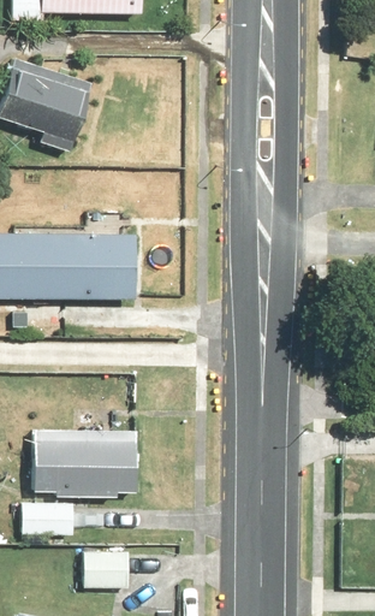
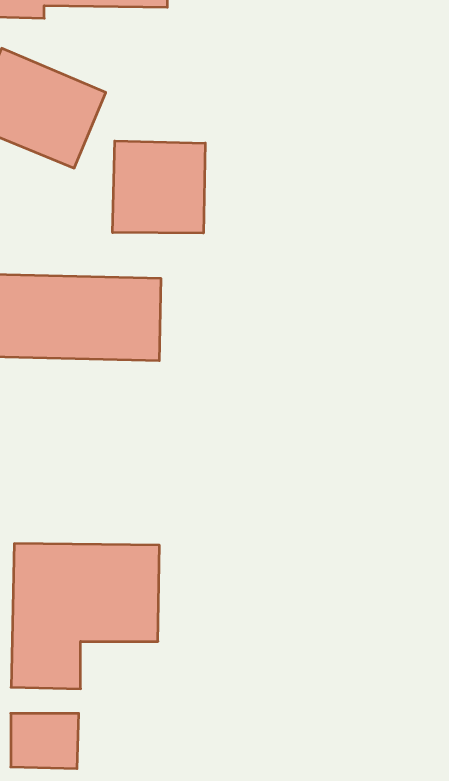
building: none -> [113,141,205,233]
building: [84,547,136,590] -> [11,713,79,769]

